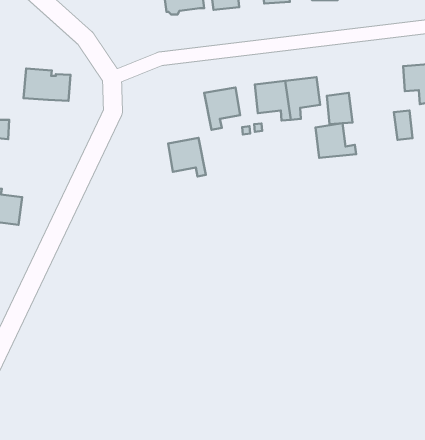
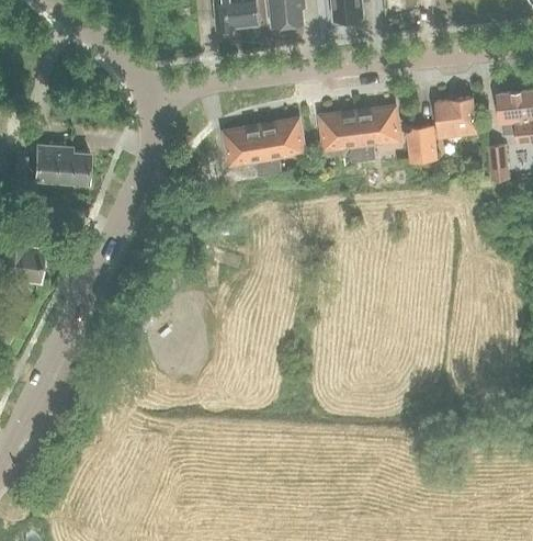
building: [23,69,70,101] -> [34,145,90,183]
building: none -> [435,97,477,136]
building: [315,123,356,158] -> none
building: [168,138,206,177] -> [225,125,270,171]

